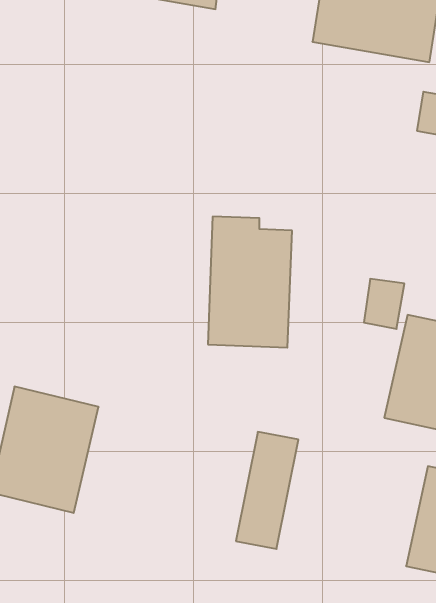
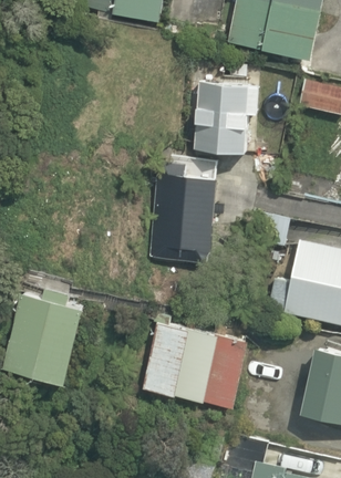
building: none -> [192,65,260,148]
building: none -> [136,313,188,398]
building: none -> [202,326,248,411]

